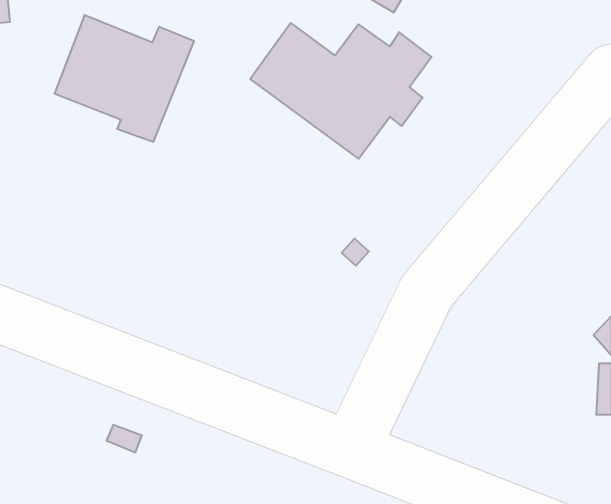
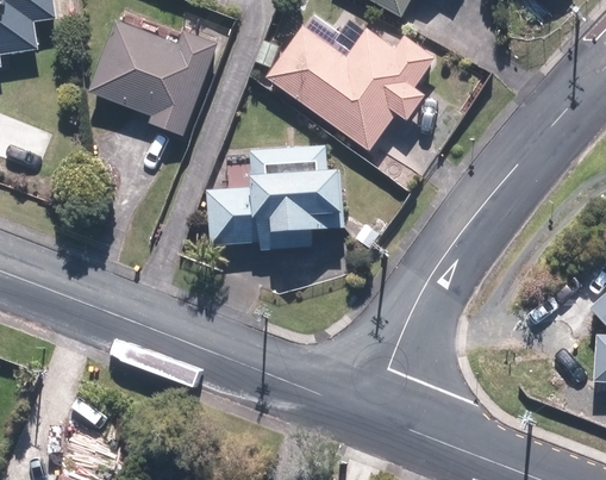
building: none -> [204,151,338,254]

